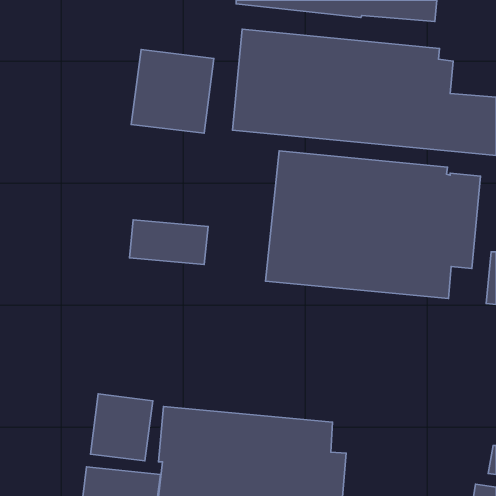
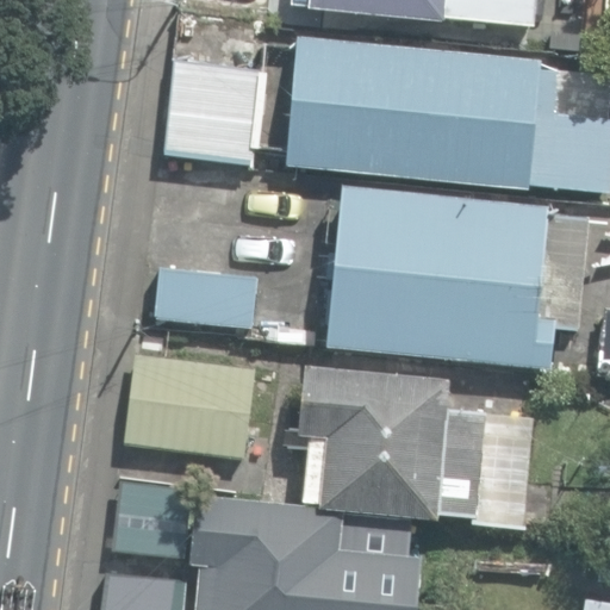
building: none -> [124,355,254,458]
building: none -> [298,365,533,529]

